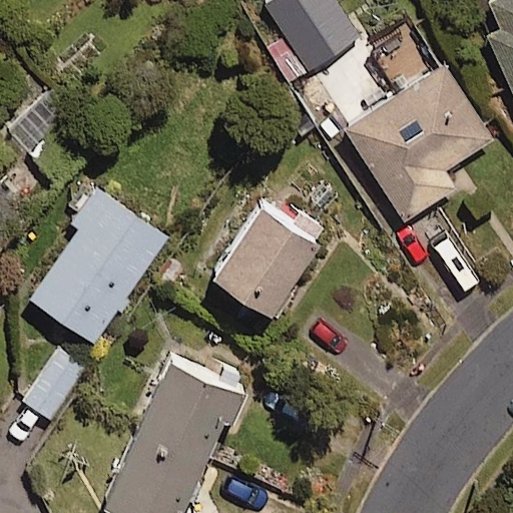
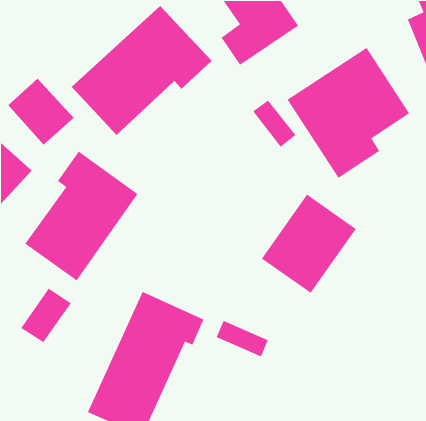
building: none -> [71,5,213,136]
building: [211,191,327,312] -> [261,194,357,294]

